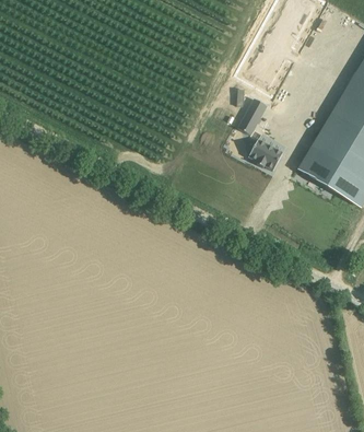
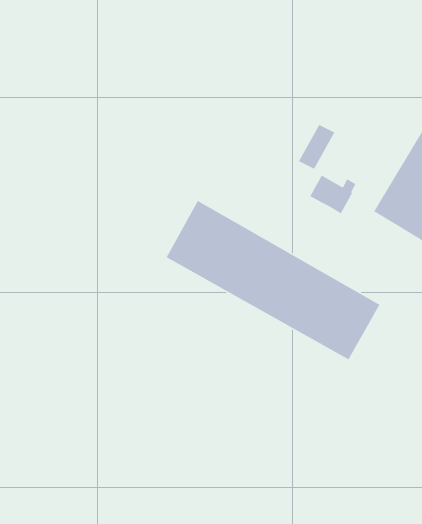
building: none -> [165,200,381,361]

